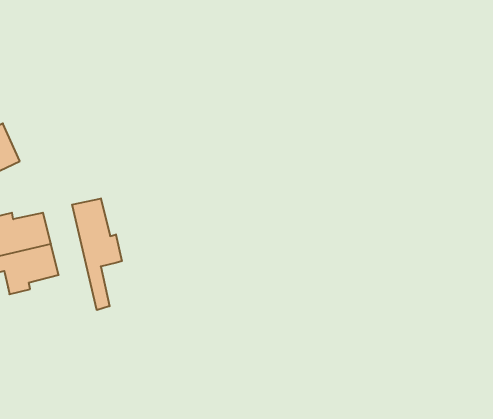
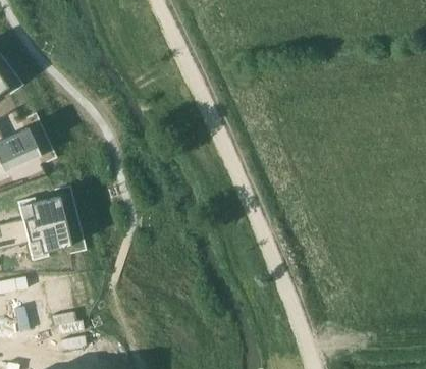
building: [72,198,122,310] -> none

